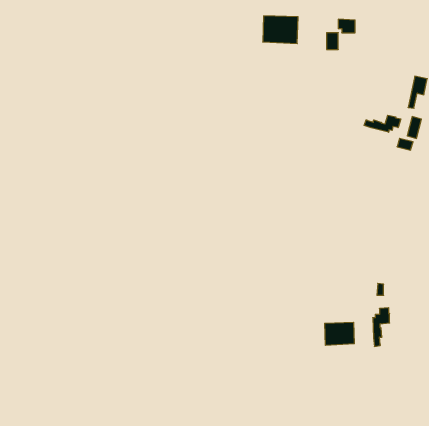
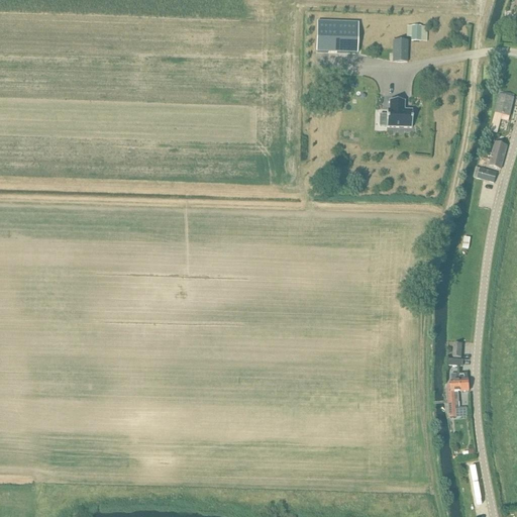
building: none -> [387,98,412,126]
building: [364,115,401,132] -> none
building: [325,322,354,345] -> none

